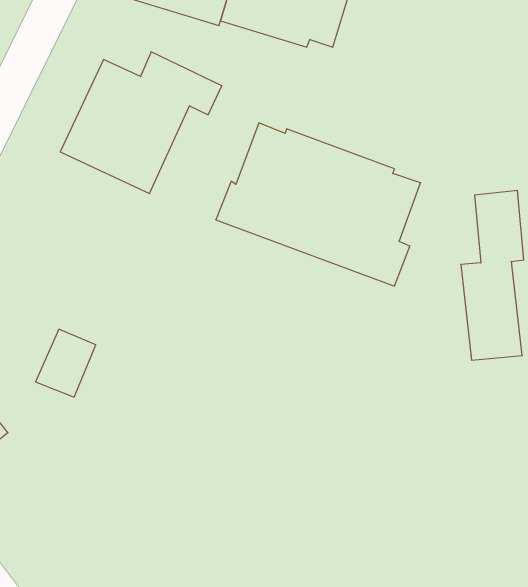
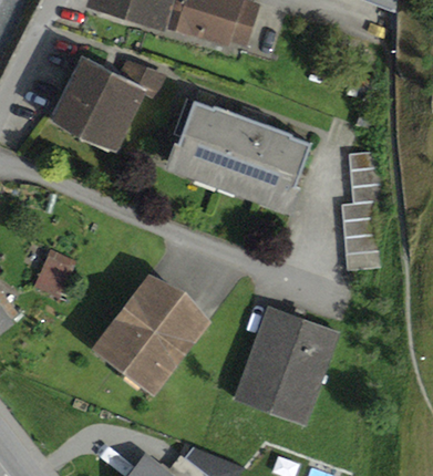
building: none -> [91,275,210,396]
building: none -> [233,303,340,425]

